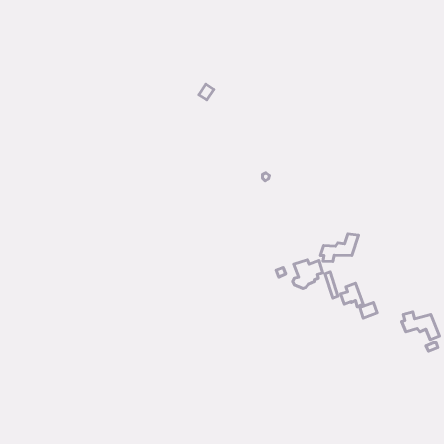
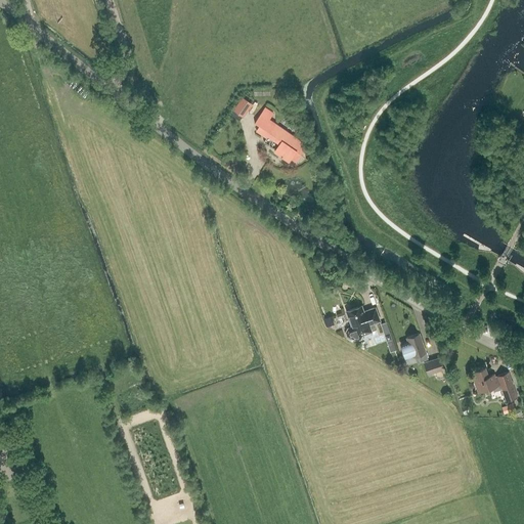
building: none -> [255,107,306,161]
building: [320,234,358,261] -> none

